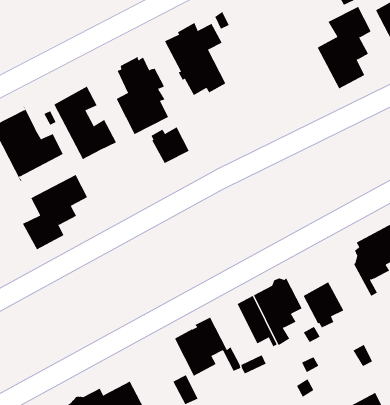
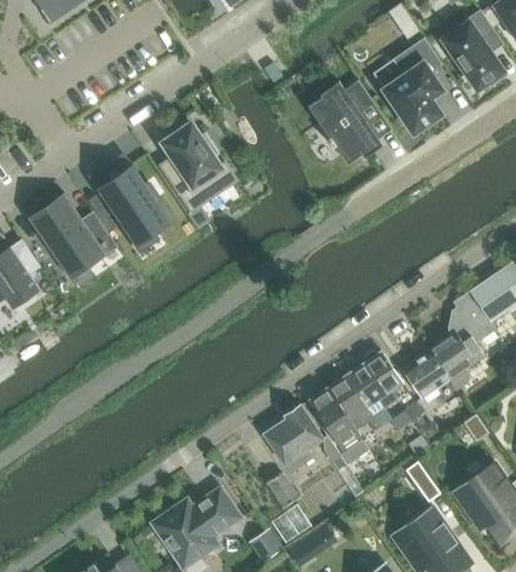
building: [164,22,226,96] -> [308,80,383,163]
building: [151,127,189,164] -> none
building: [22,174,88,250] -> none
building: none -> [428,327,477,389]
building: none -> [309,387,361,450]

